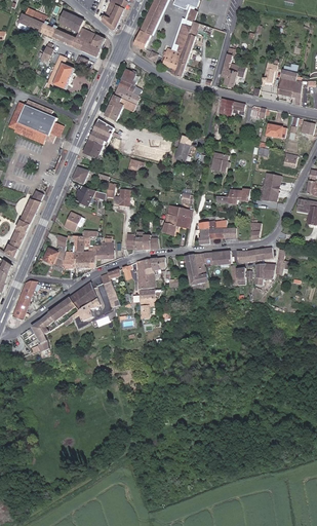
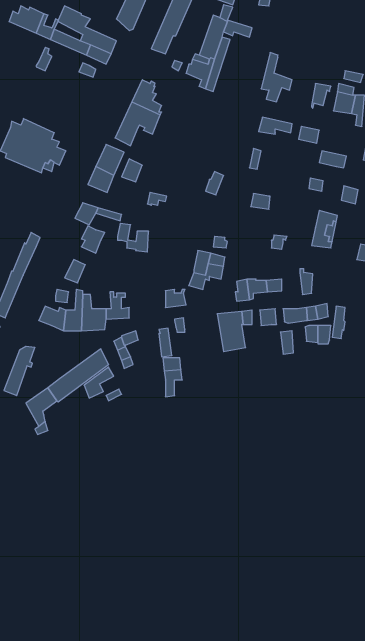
building: [47,55,74,88] -> none

